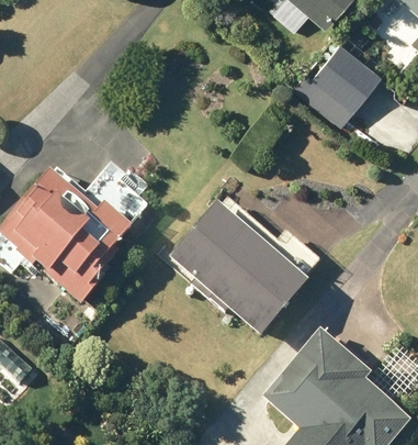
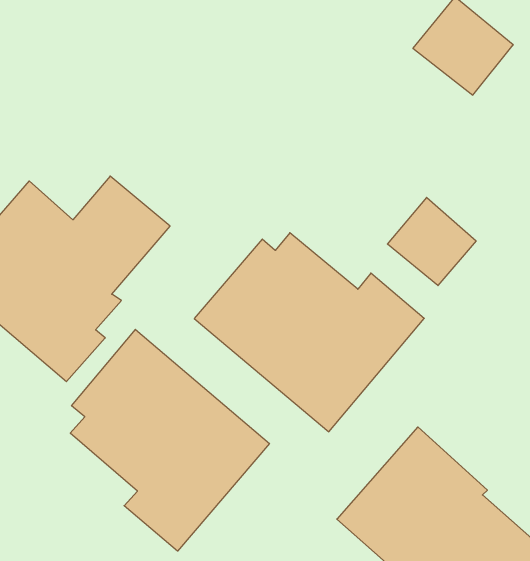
building: none -> [387,197,476,286]
building: none -> [70,329,269,551]

